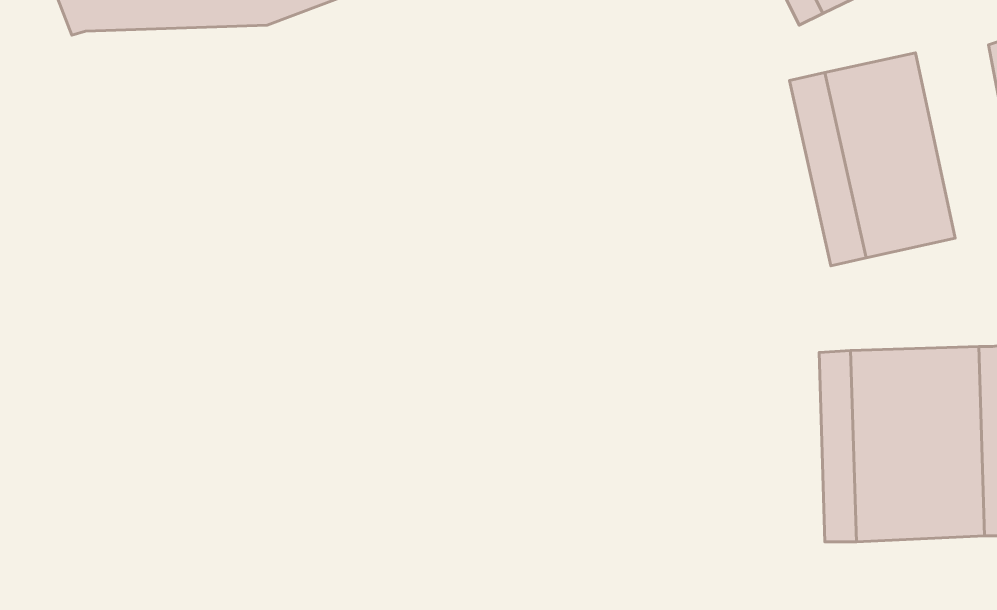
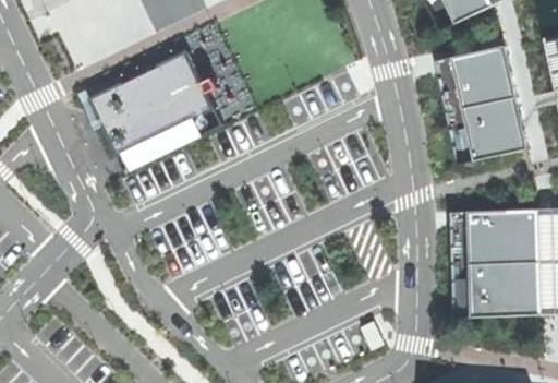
building: none -> [92,49,226,171]

